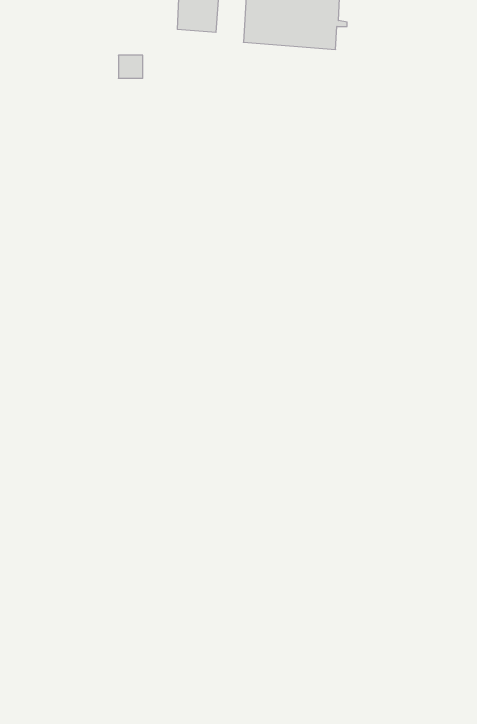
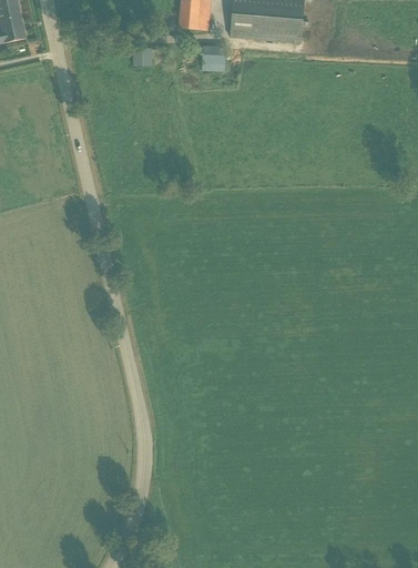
building: none -> [203,47,225,70]

